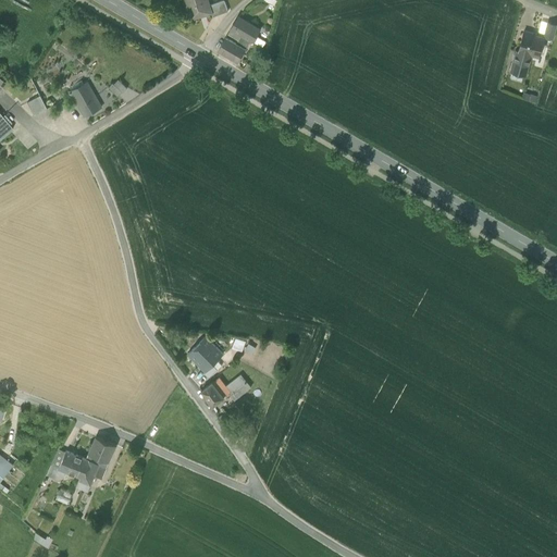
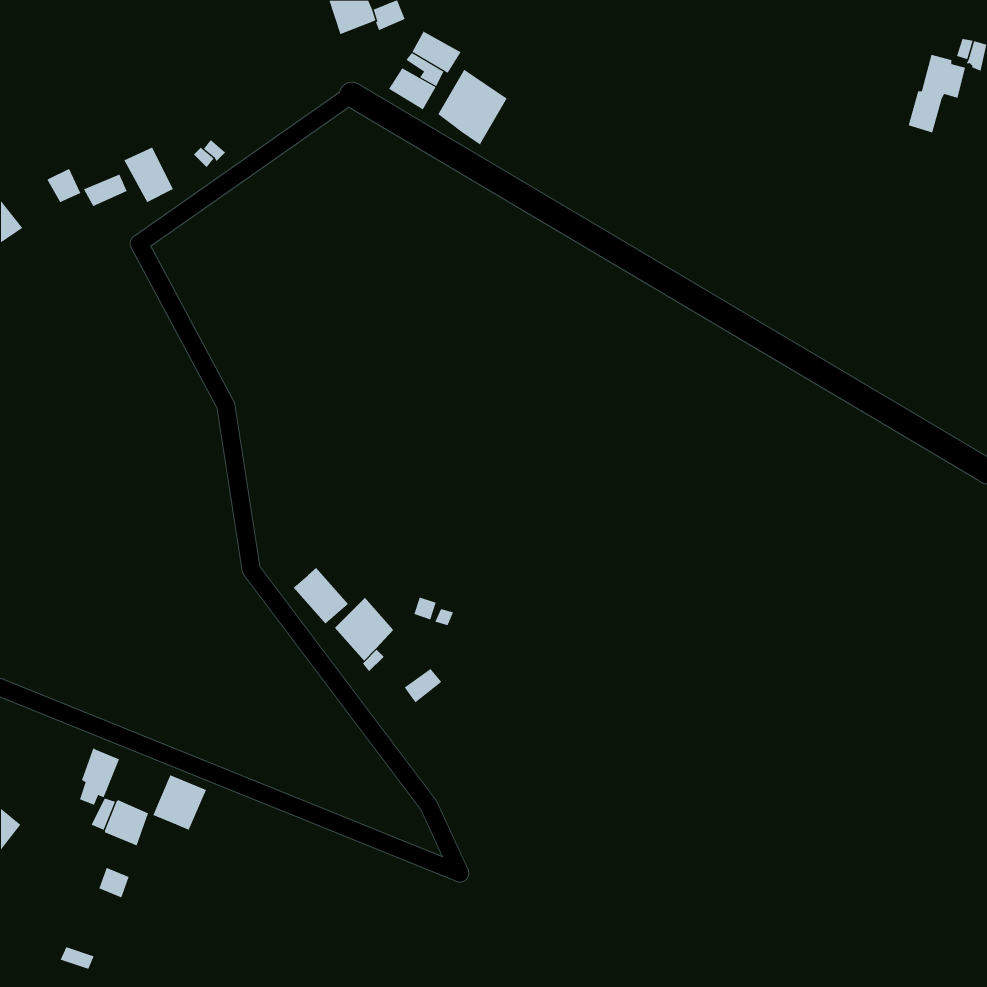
building: none -> [437,69,508,146]
building: none -> [293,567,349,625]
building: [201,377,231,406] -> none
building: [76,458,99,491] -> [79,747,120,805]

